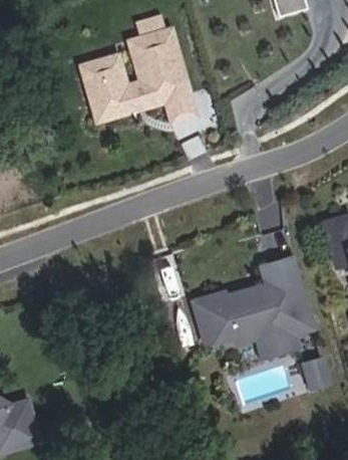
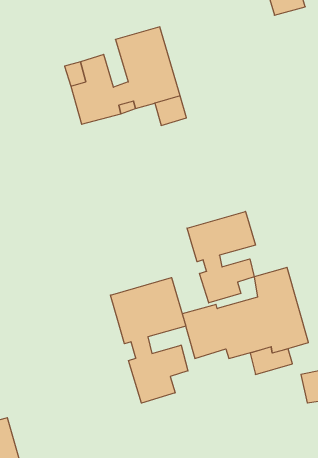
building: none -> [187,211,255,303]
building: none -> [110,278,188,403]

